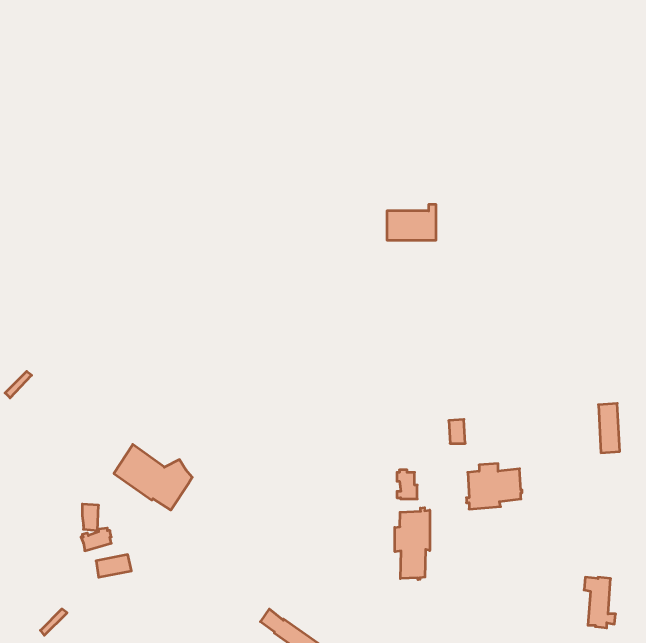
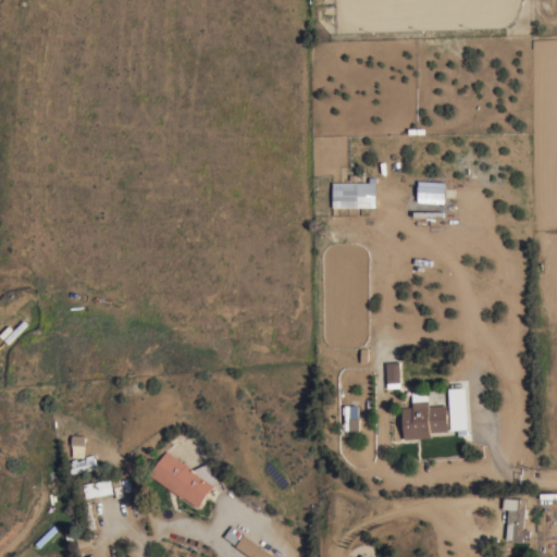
building: none -> [417,183,445,205]
building: [598,403,620,453] -> [448,389,467,432]
building: [114,444,192,510] -> [149,451,216,508]
building: [395,508,430,580] -> none

